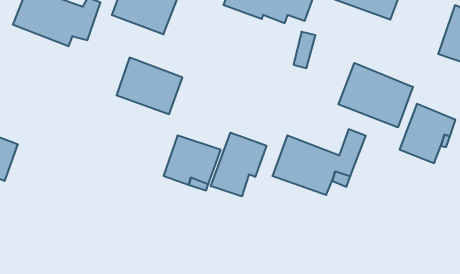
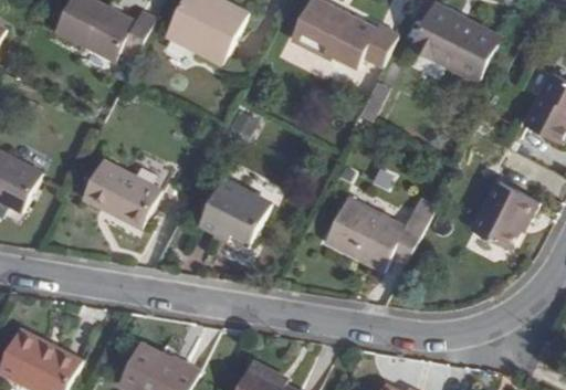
building: [116,58,182,114] -> [78,161,156,231]
building: [338,63,413,127] -> none
building: [211,133,266,196] -> none

